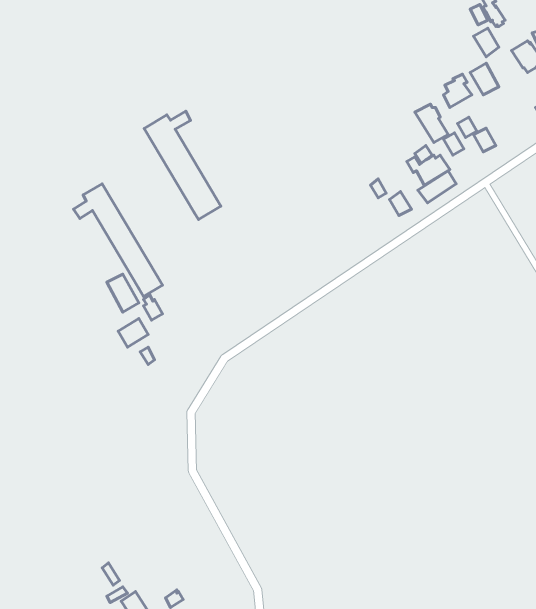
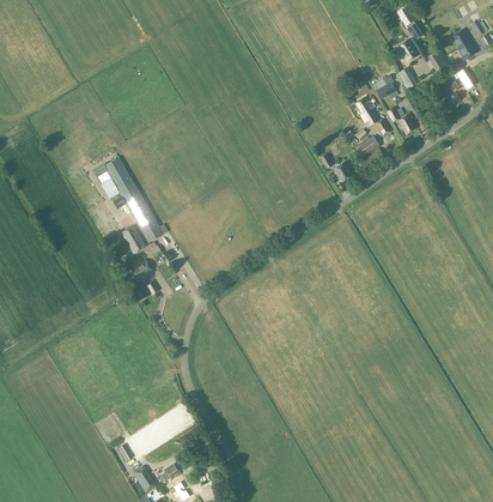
building: [144,111,221,220] -> none

